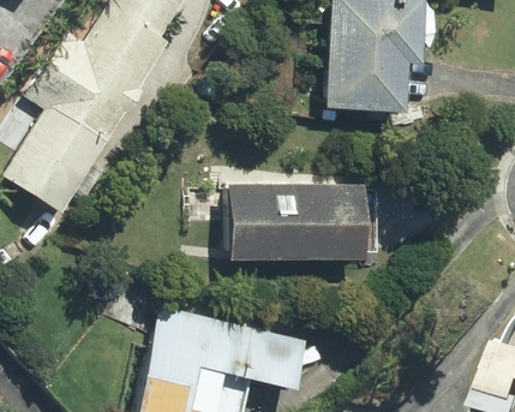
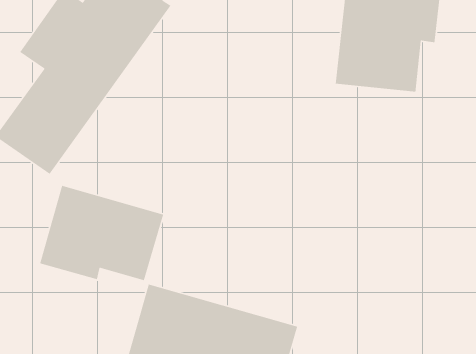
building: [230,187,373,261] -> none
building: none -> [39,185,164,281]

